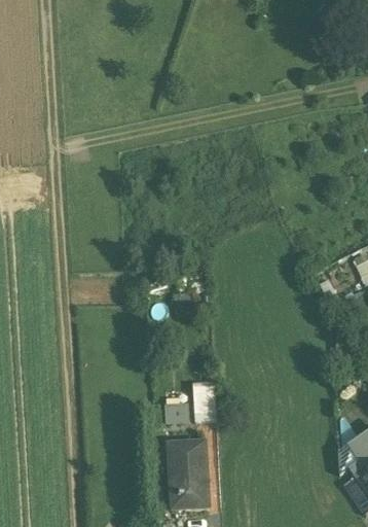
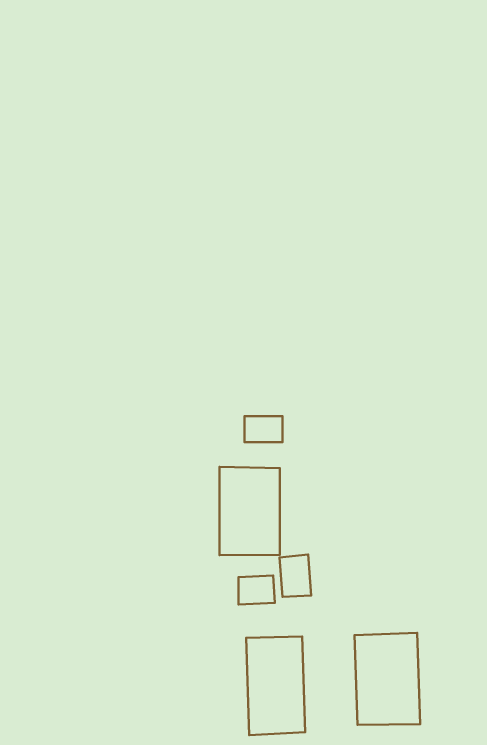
building: none -> [219,467,280,555]
building: none -> [355,633,420,725]

